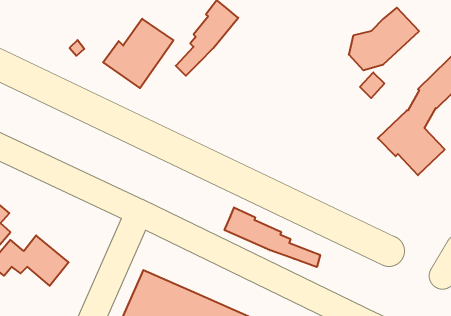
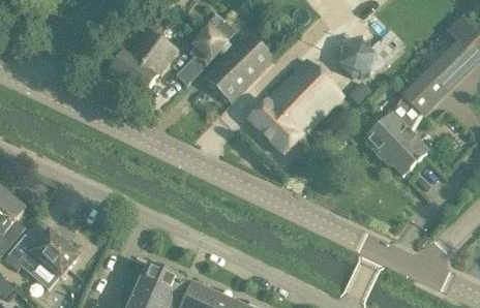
building: none -> [206,34,273,101]
building: none -> [248,60,343,154]
building: [225,207,320,267] -> none

